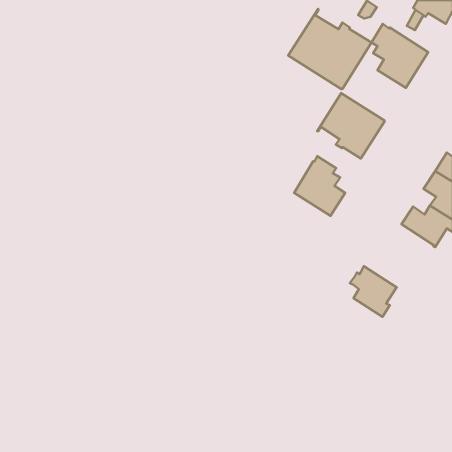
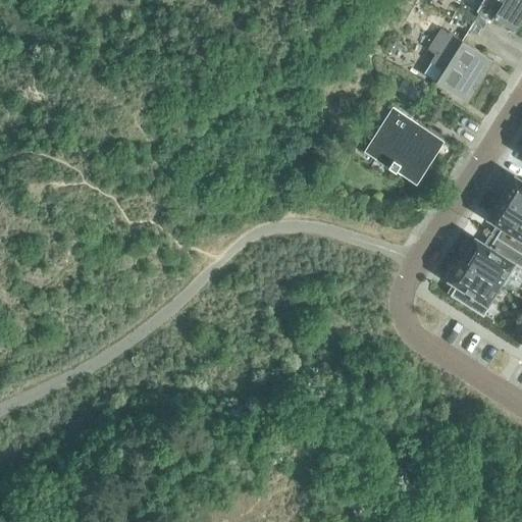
building: [288,9,371,89] -> none
building: [294,156,345,216] -> none
building: [350,266,397,317] -> [447,259,501,317]

